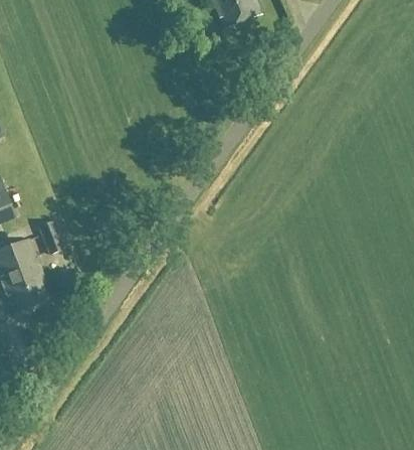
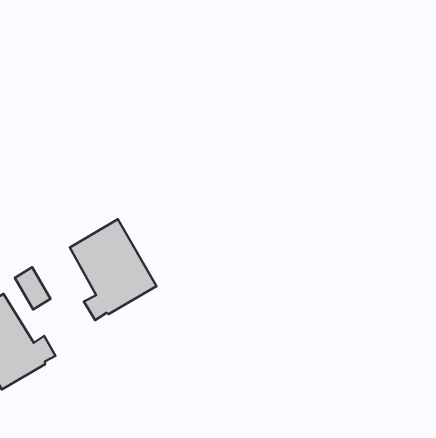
building: none -> [70,219,157,320]

